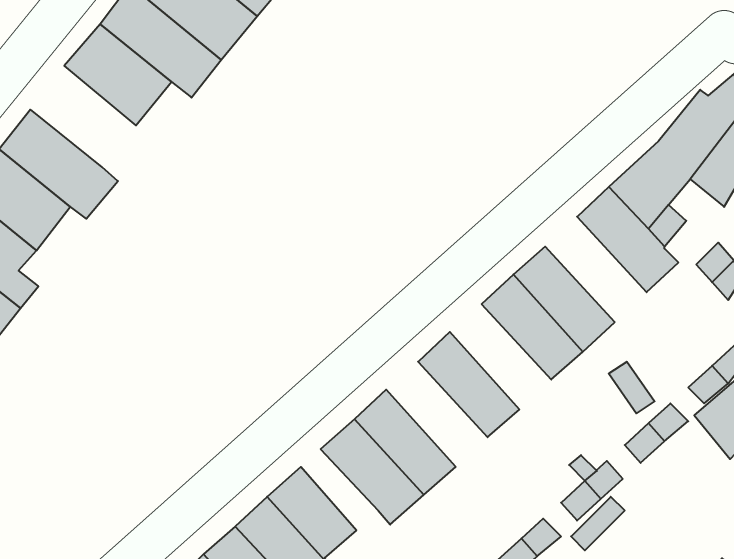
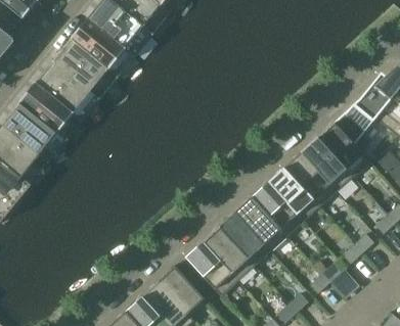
building: none -> [36,59,90,111]
building: none -> [301,137,353,191]
building: none -> [252,182,304,236]
building: none -> [219,212,271,266]

